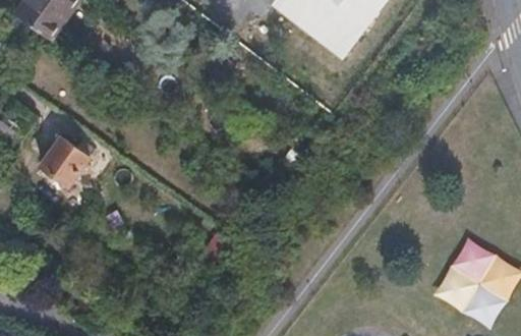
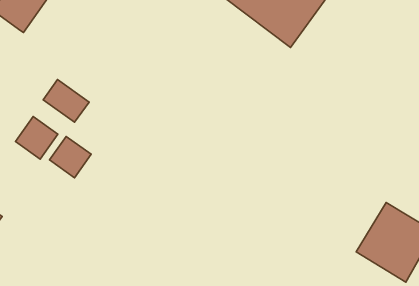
building: none -> [43,80,89,122]
building: none -> [49,136,91,178]

